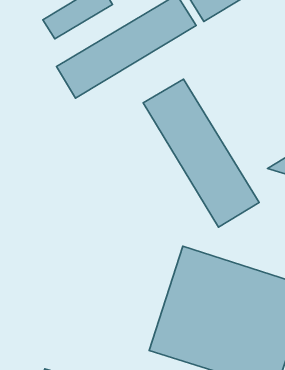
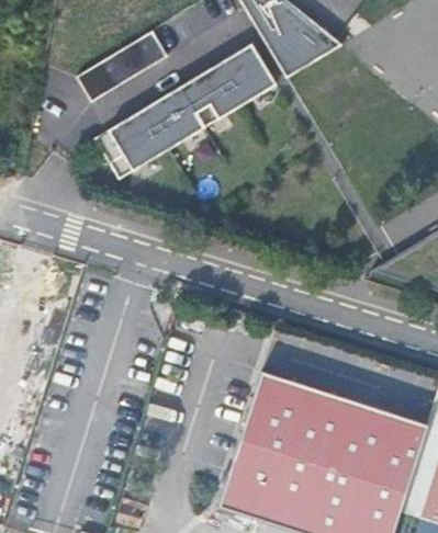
building: [143,79,259,227] -> none

